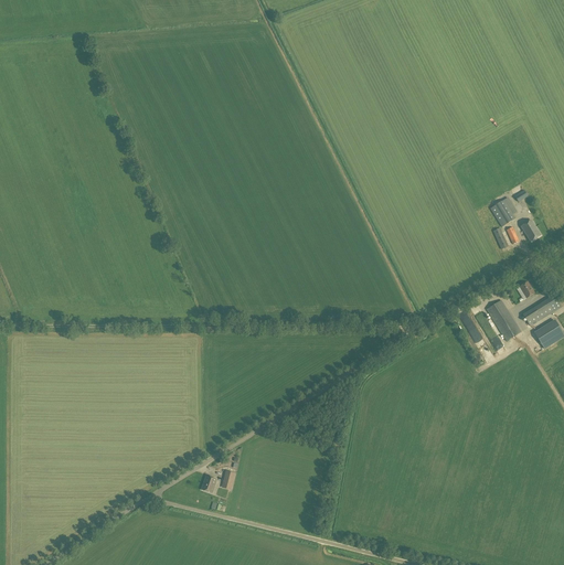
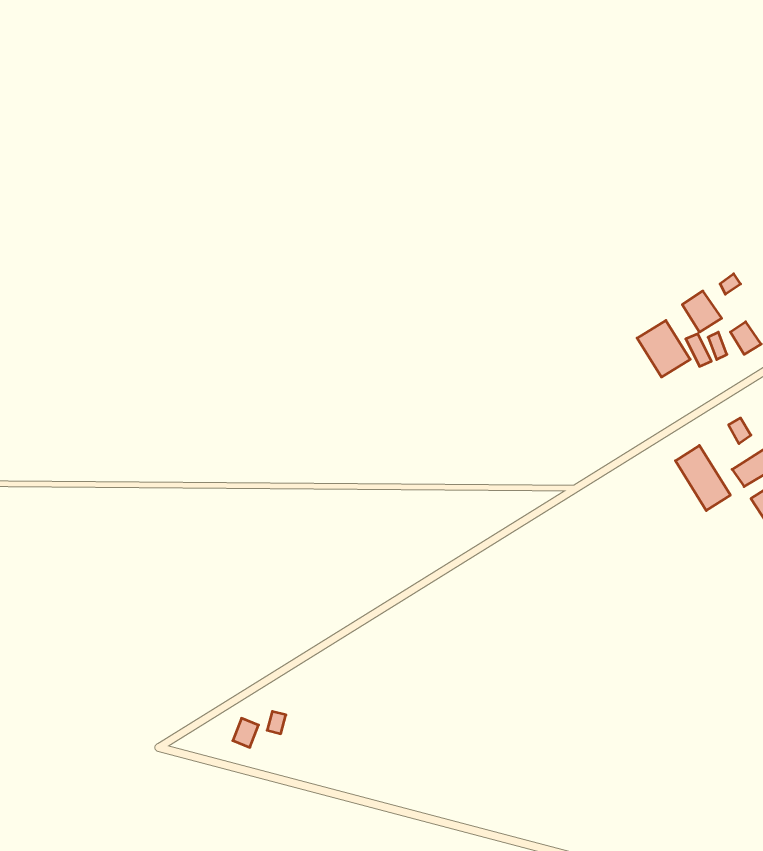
building: none -> [637,320,690,377]

